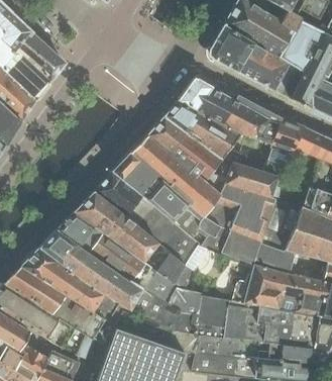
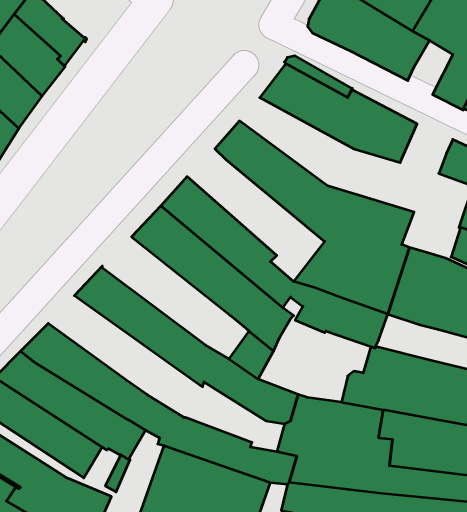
building: [163,101,244,165] -> none
building: [267,118,303,165] -> none
building: [129,135,219,221] -> none
building: [74,192,157,263] -> none
building: [38,230,193,332] -> none
building: [254,243,294,270] -> none

